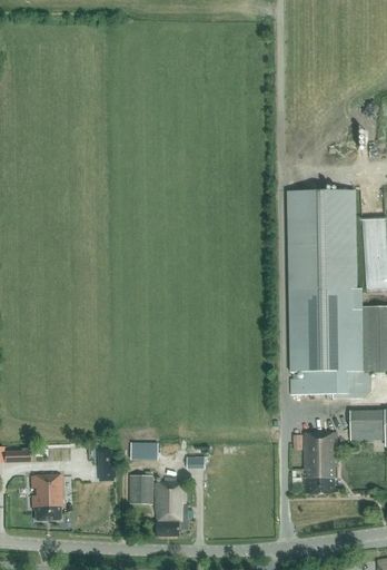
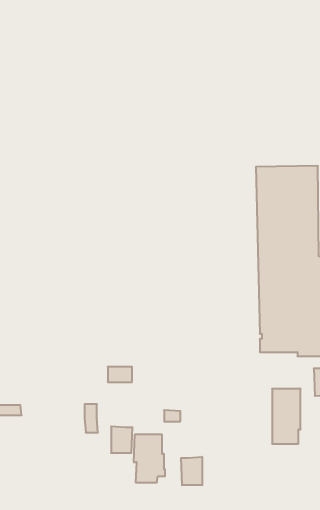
building: [131,442,158,459] -> [108,367,132,382]
building: [31,474,62,519] -> none
building: none -> [181,457,202,485]

